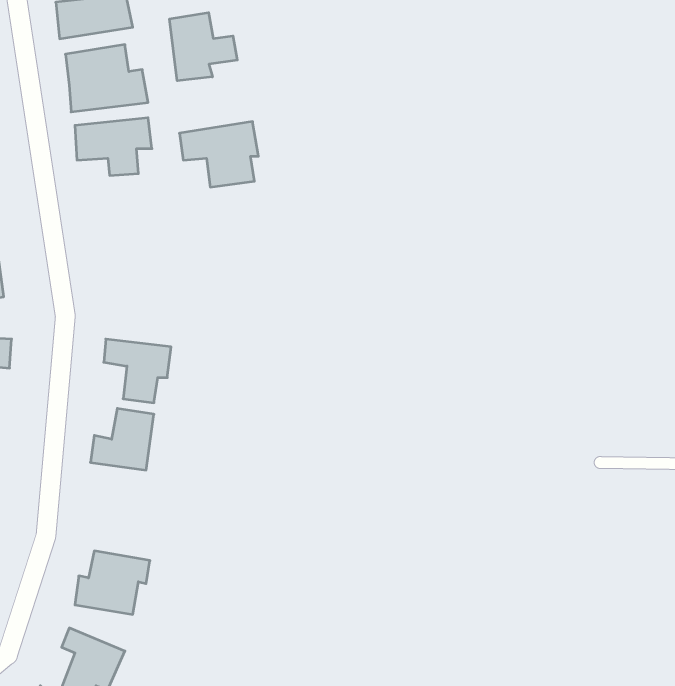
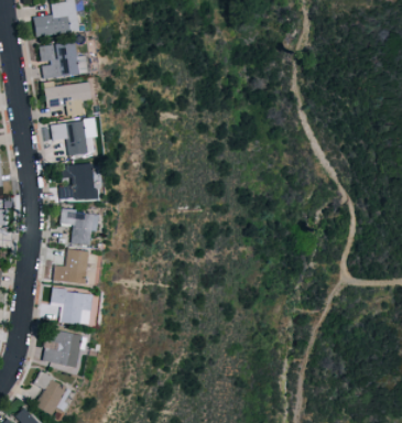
building: [170,13,237,81] -> none
building: [179,122,258,187] -> [50,118,95,155]
building: none -> [59,163,98,200]
building: none -> [51,290,91,324]

